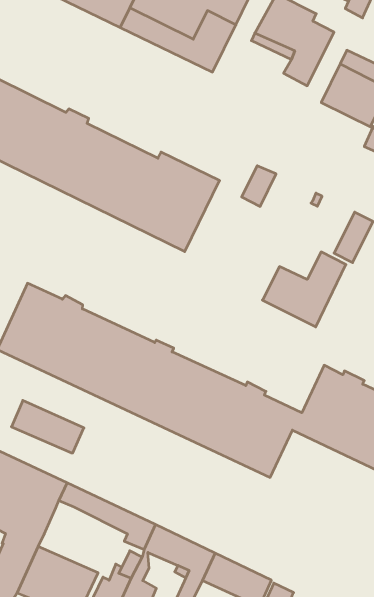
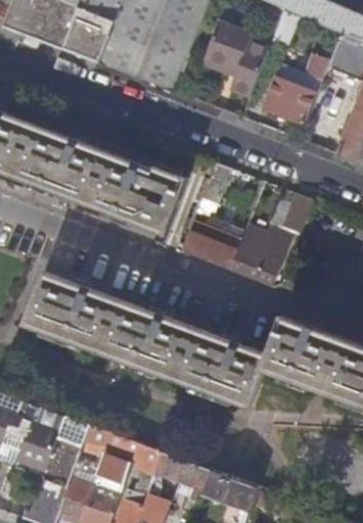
building: none -> [183,217,241,268]
building: [11,400,84,453] -> [75,445,132,483]

